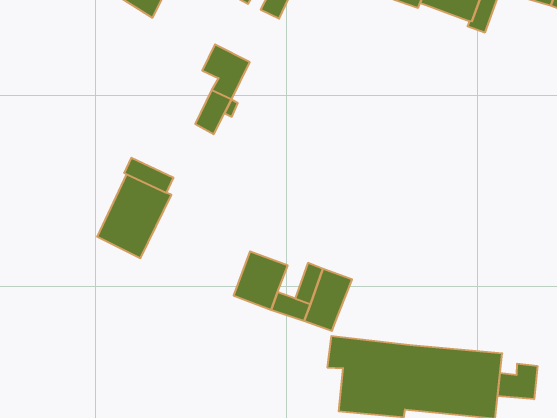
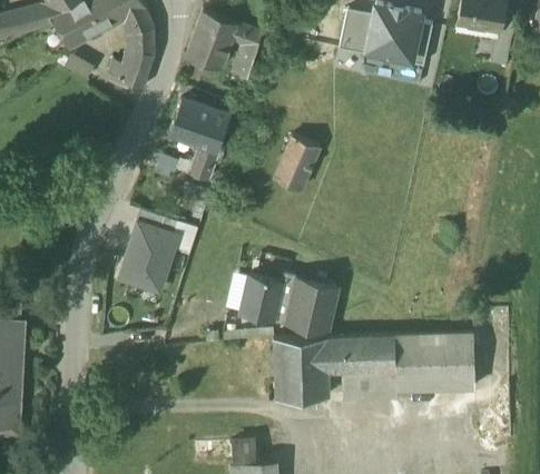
building: none -> [169,99,204,144]
building: none -> [273,135,318,189]
building: none -> [273,337,328,401]
building: [498,364,537,399] -> none

